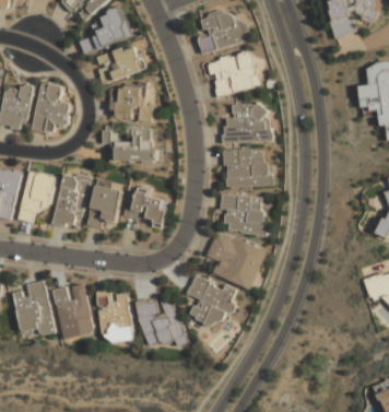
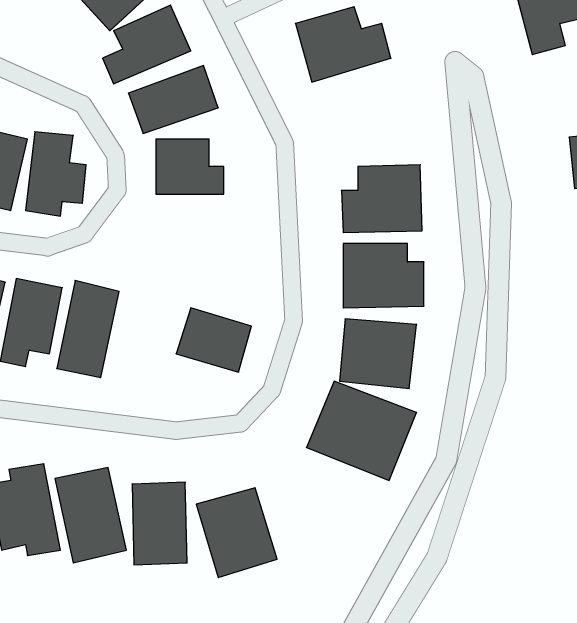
building: [208,49,260,97] -> none
building: [104,128,155,162] -> none
building: [87,183,121,228] -> none
building: [187,275,236,330] -> none

